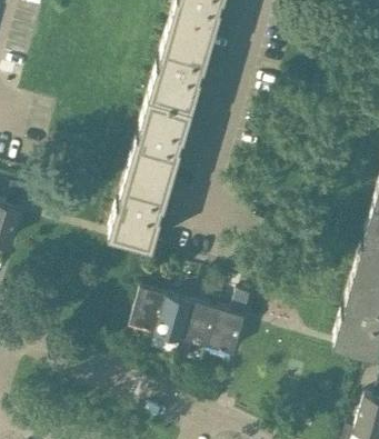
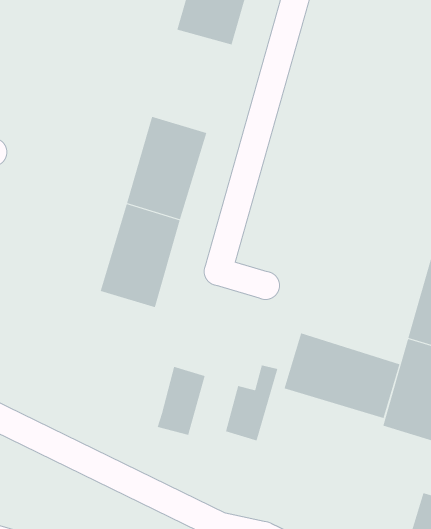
building: [150,26,215,108] -> none
building: none -> [284,333,400,419]
building: [131,287,168,332] -> none
building: [183,302,219,347] -> none

